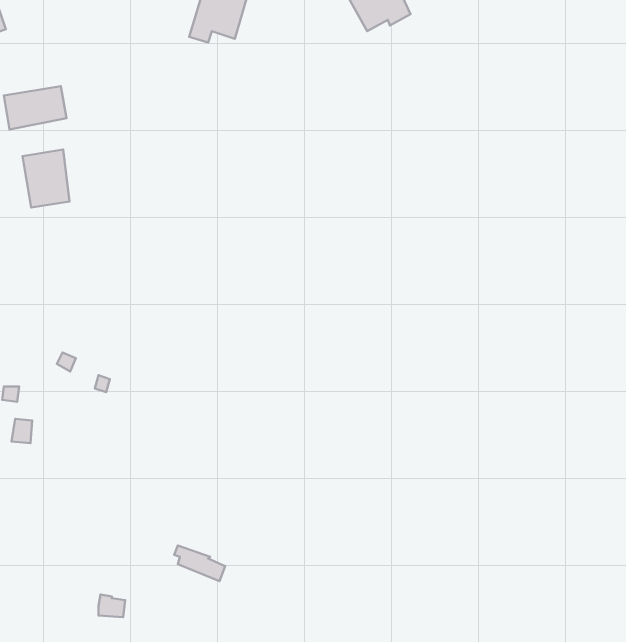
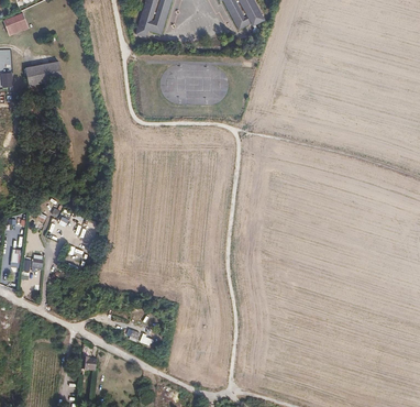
building: [23,150,69,208] -> none

